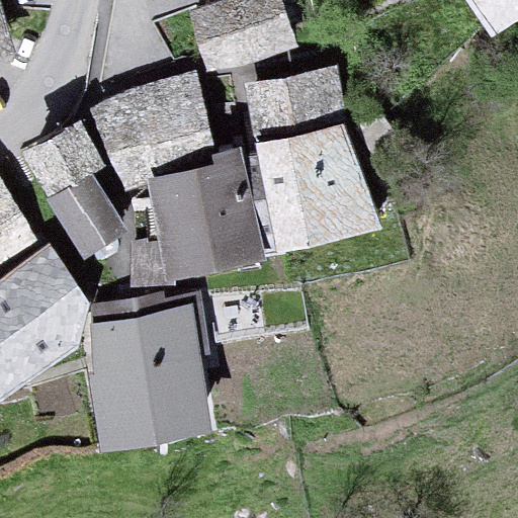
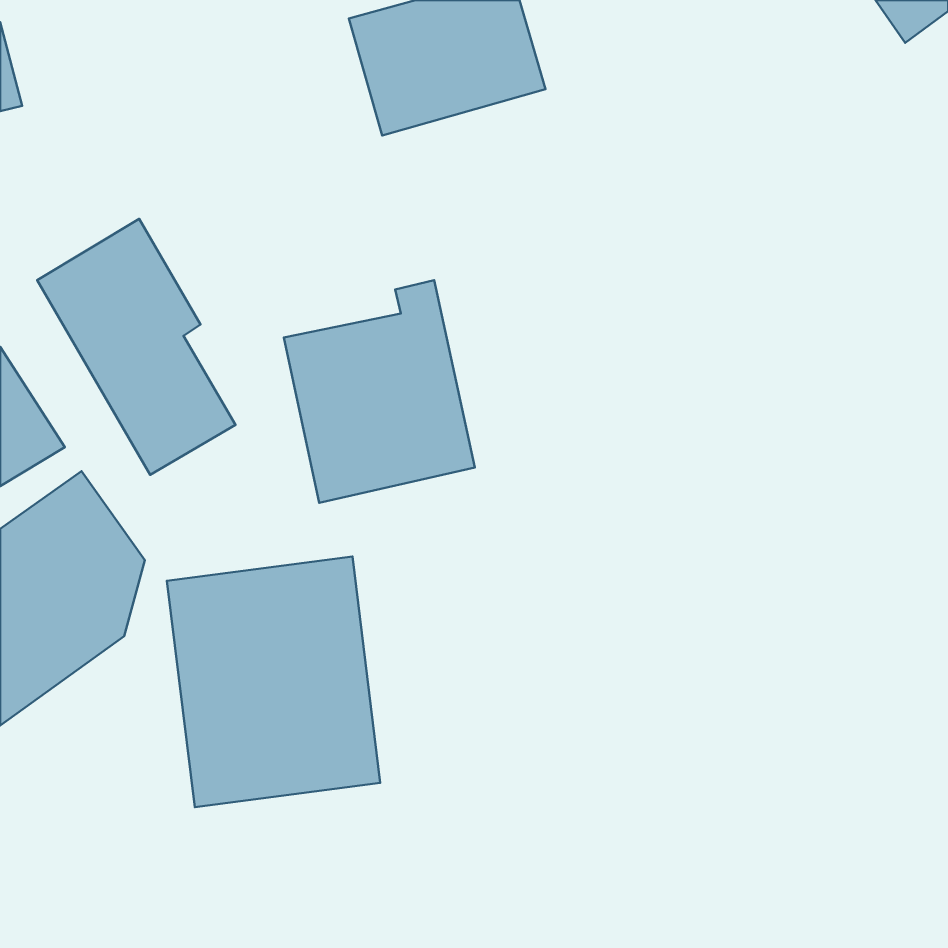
building: [240,65,345,139] -> none
building: [100,81,214,181] -> none
building: [265,133,371,244] -> none

